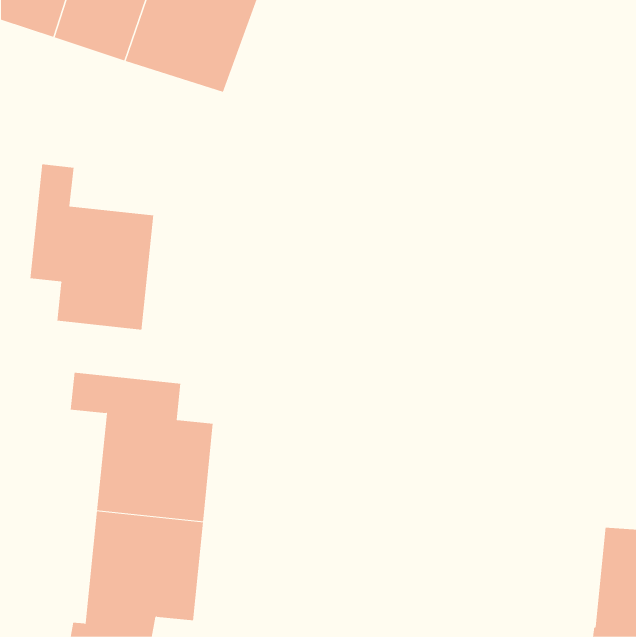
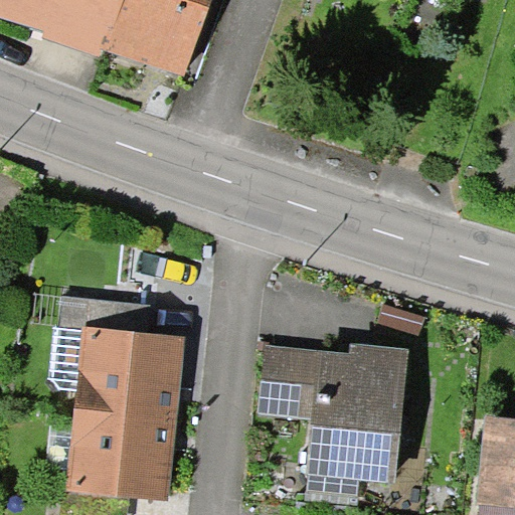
building: [30,163,154,330] -> none
building: none -> [258,355,402,478]

